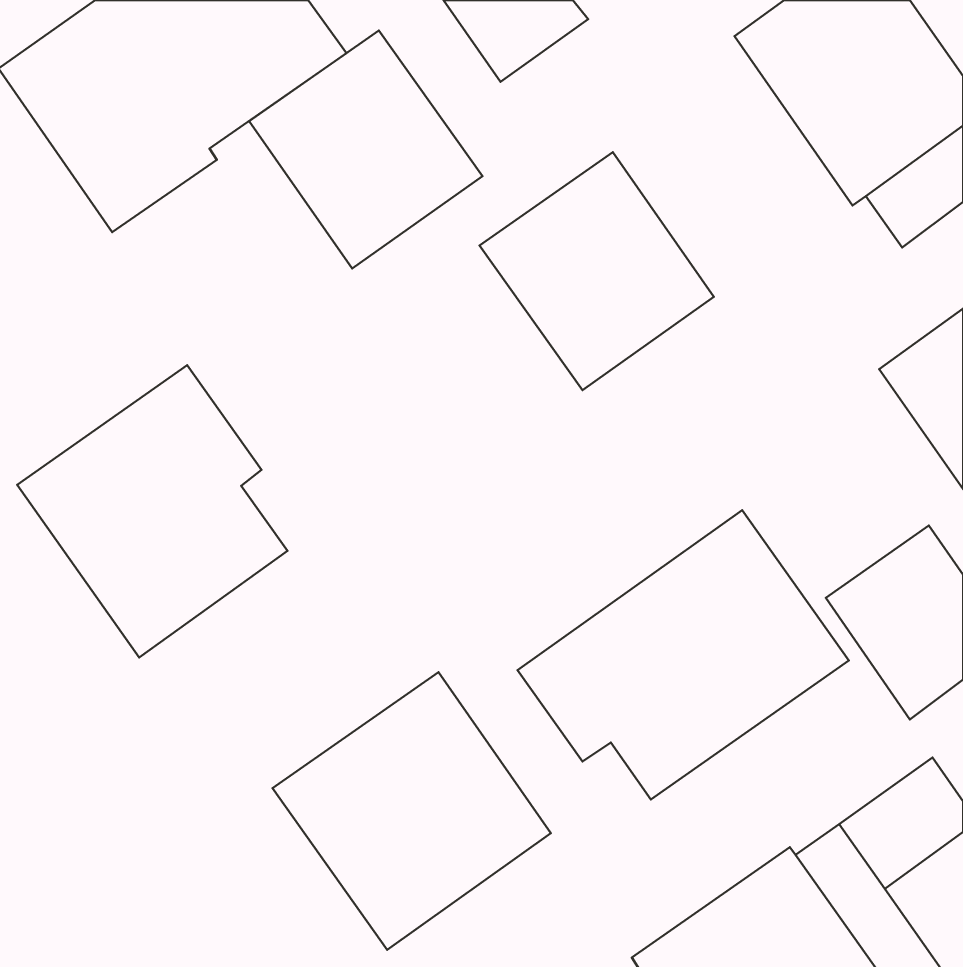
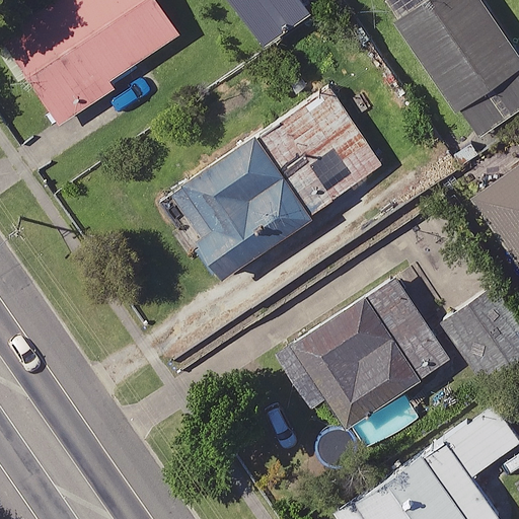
building: [249,31,482,269] -> none
building: none -> [180,133,313,281]
building: [17,365,287,657] -> none
building: [272,672,551,950] -> none

